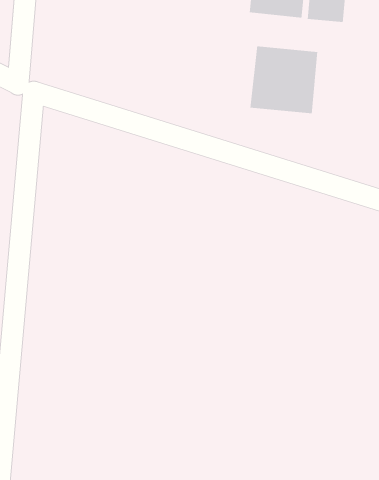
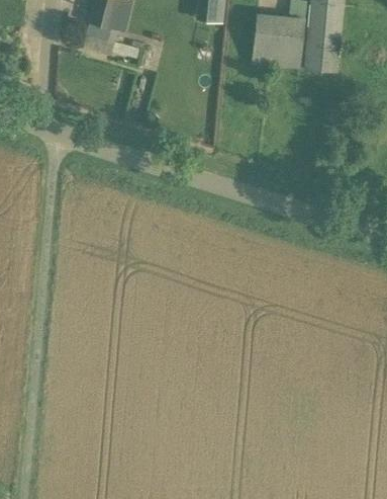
building: [250,46,318,114] -> none

